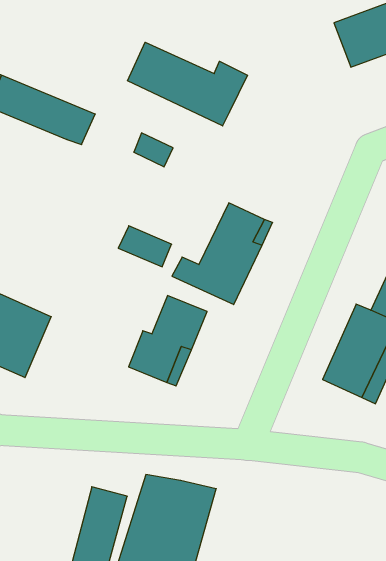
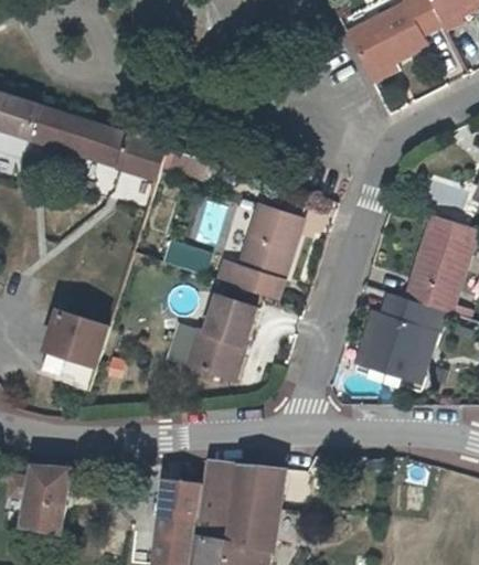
building: [128,42,247,126] -> none
building: none -> [119,135,167,175]

